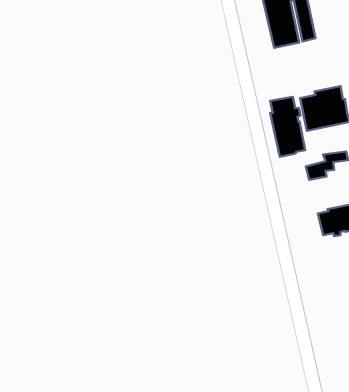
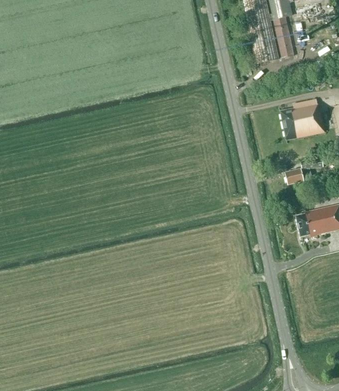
building: [270,97,305,157] -> none

